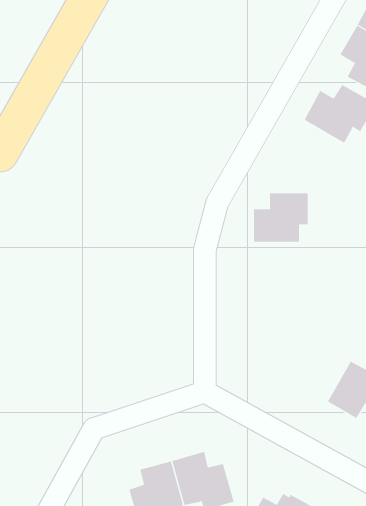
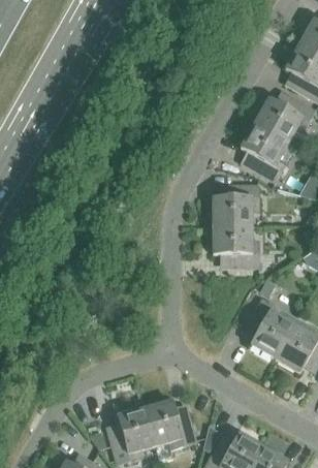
building: none -> [241,123,289,182]
building: none -> [213,225,260,267]
building: none -> [246,298,294,358]

